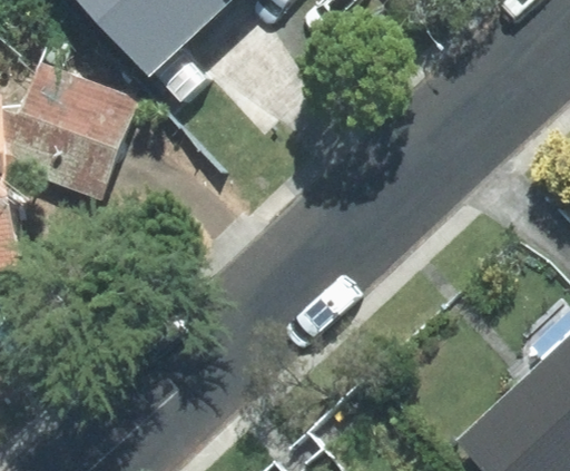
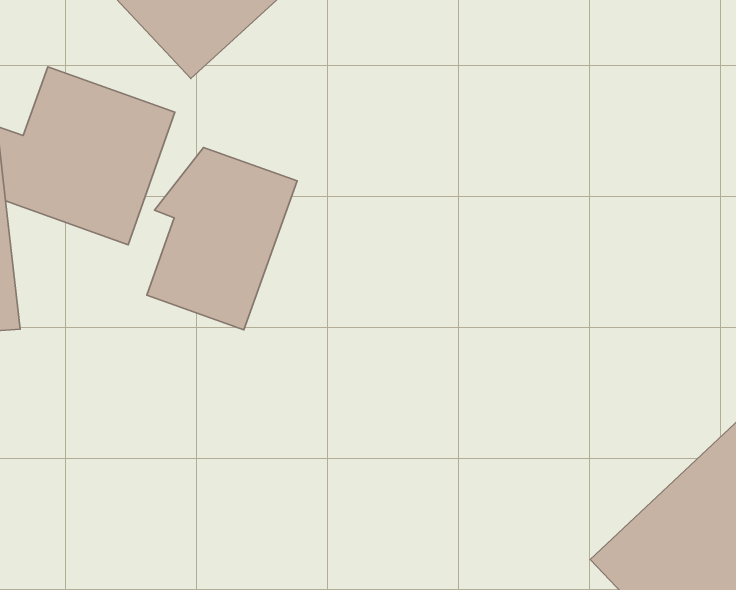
building: none -> [147,147,297,330]

